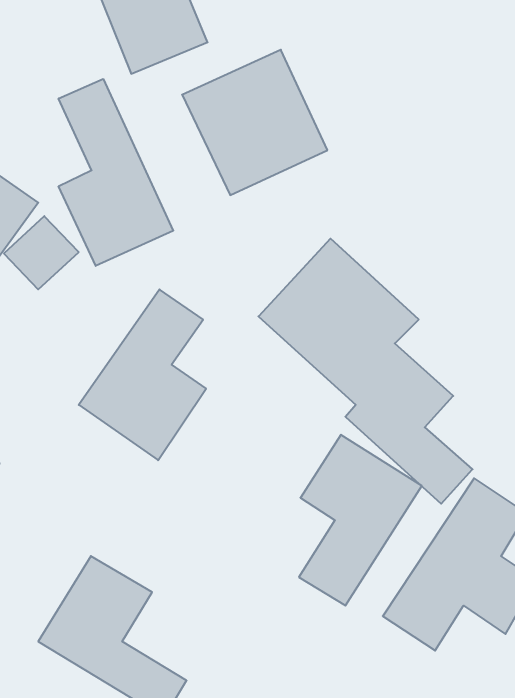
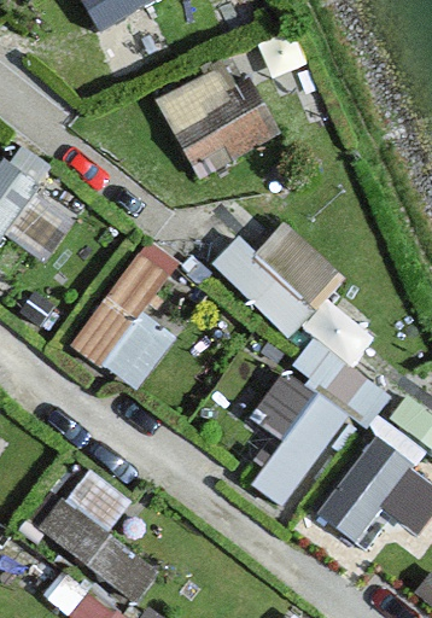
building: [59,79,173,266] -> none

